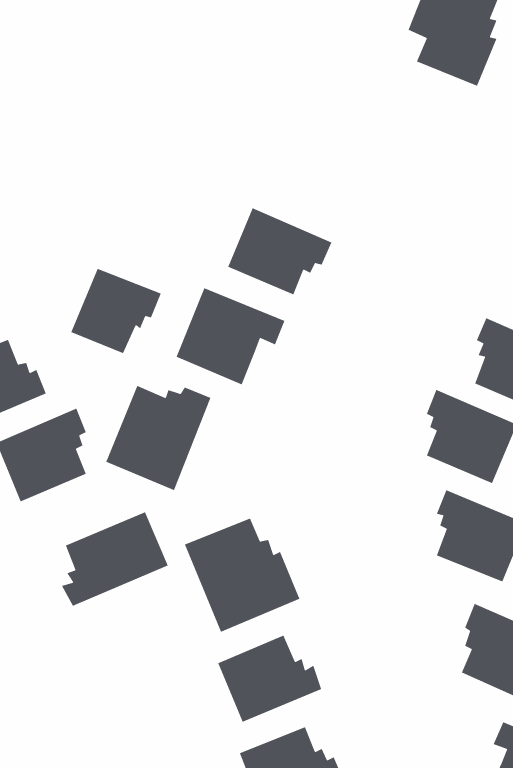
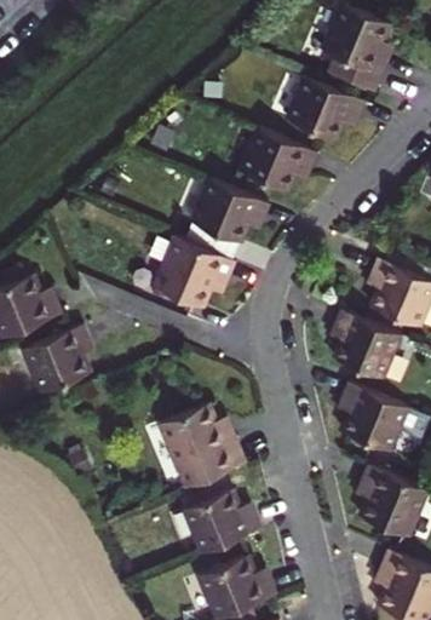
building: none -> [287,78,363,140]
building: none -> [239,128,316,193]
building: [70,268,162,354] -> none
building: [105,385,212,491] -> none
building: [61,511,169,607] -> none

